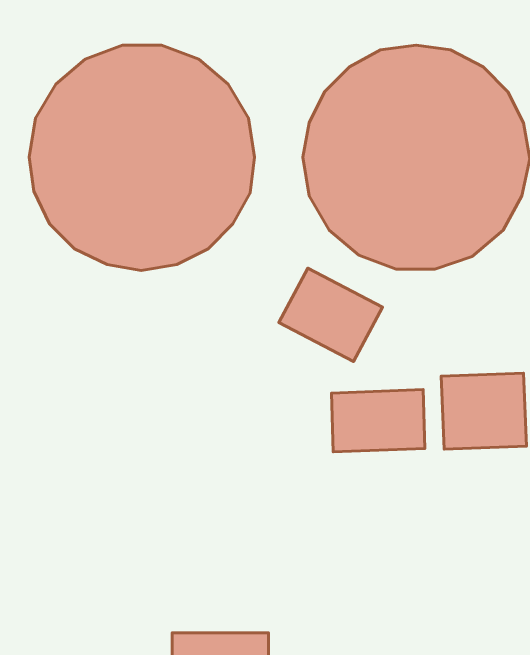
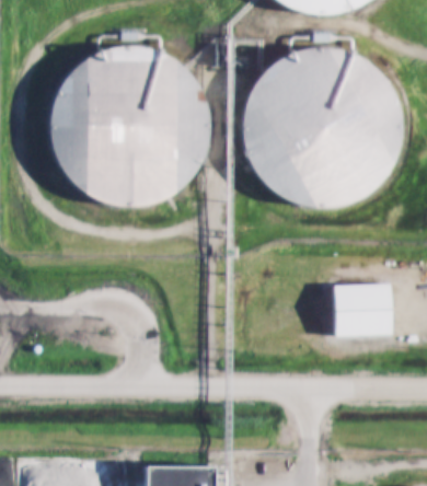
building: [279,268,382,362] -> none
building: [331,390,425,452] -> none

